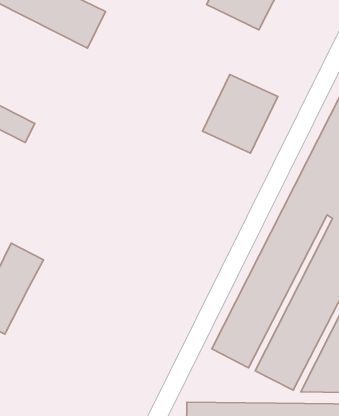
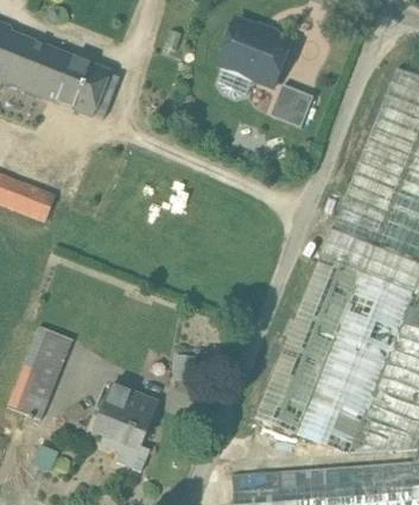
building: none -> [272,84,315,127]
building: [202,75,278,153] -> none
building: none -> [93,385,153,472]

